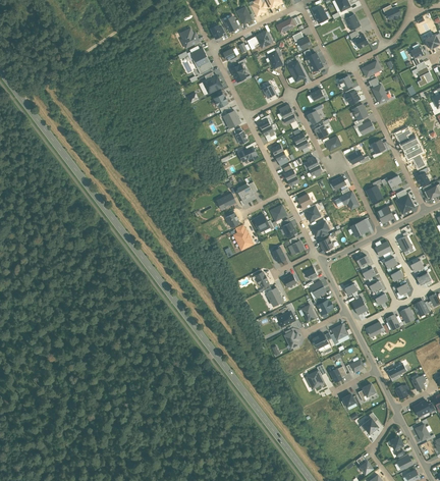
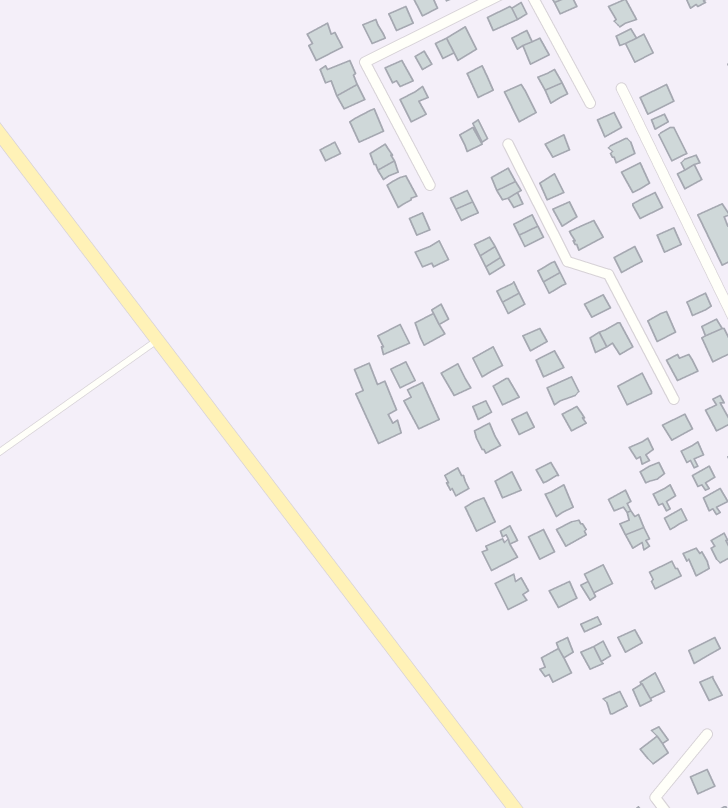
building: none -> [355,363,401,444]

